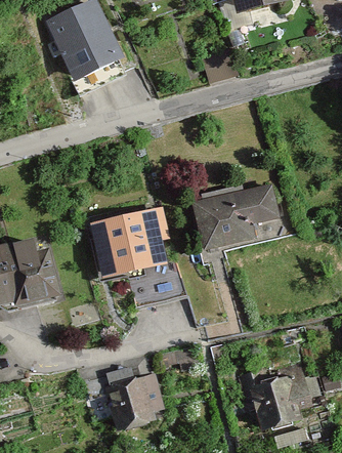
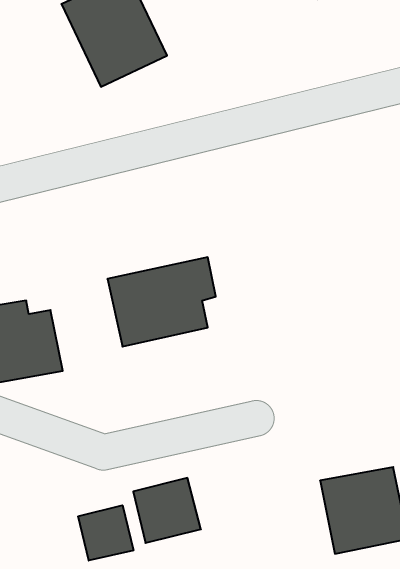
building: [190,182,279,250] -> none
building: none -> [78,505,133,561]

